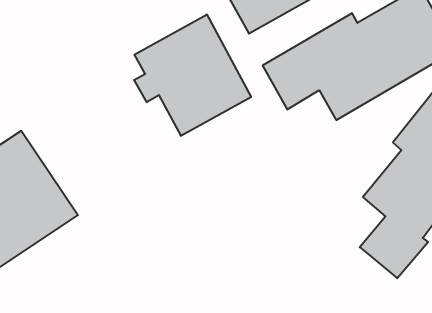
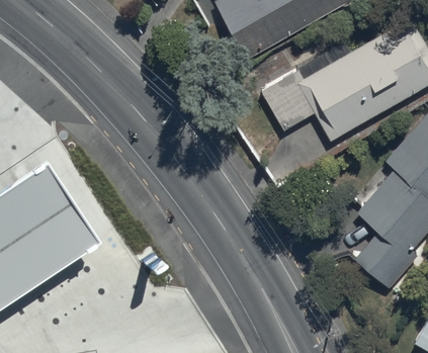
building: [134,14,251,136] -> none

